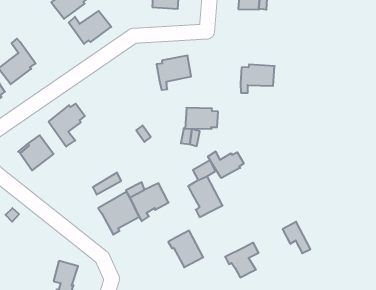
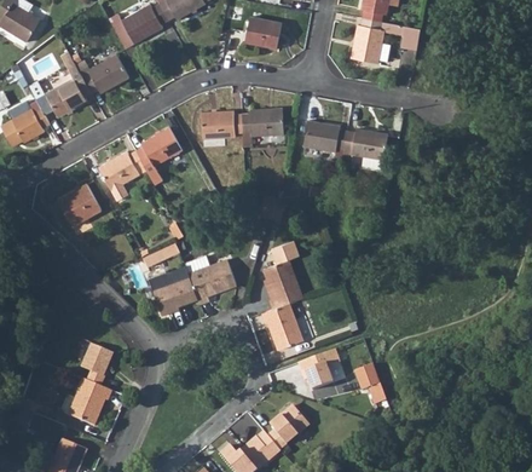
building: [69,11,111,44] -> [76,56,128,94]
building: none -> [201,111,243,139]
building: none -> [135,128,181,184]
building: [185,108,218,129] -> [303,121,347,151]
building: [208,151,244,178] -> none
building: [283,222,310,253] -> [355,364,387,404]
building: [168,231,203,267] -> [261,304,302,349]

